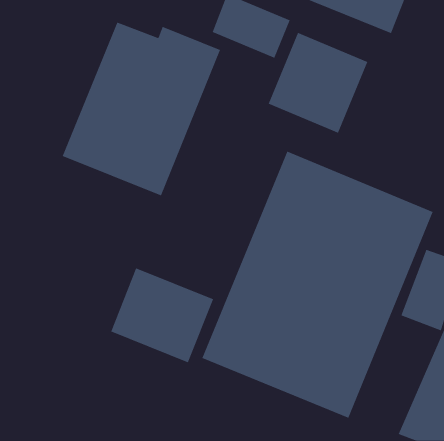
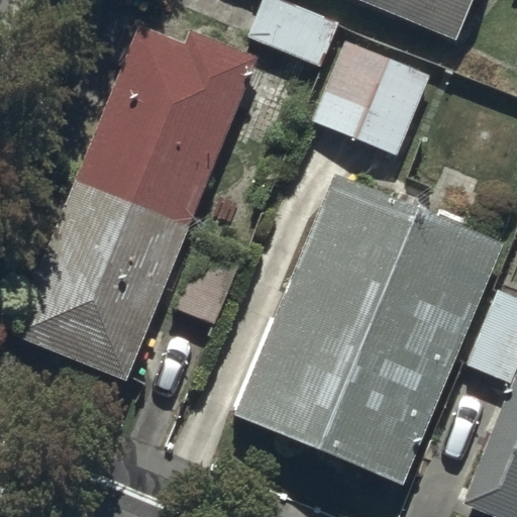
building: none -> [12,181,189,381]
building: [110,268,214,363] -> none

